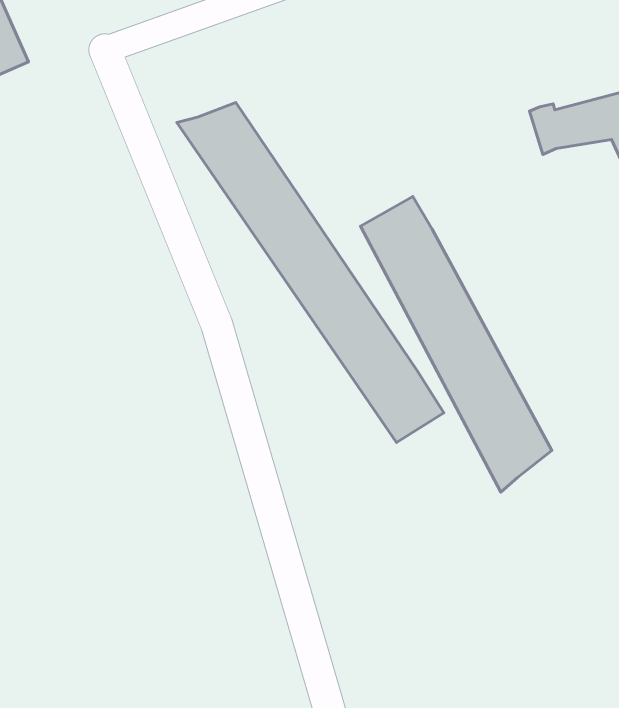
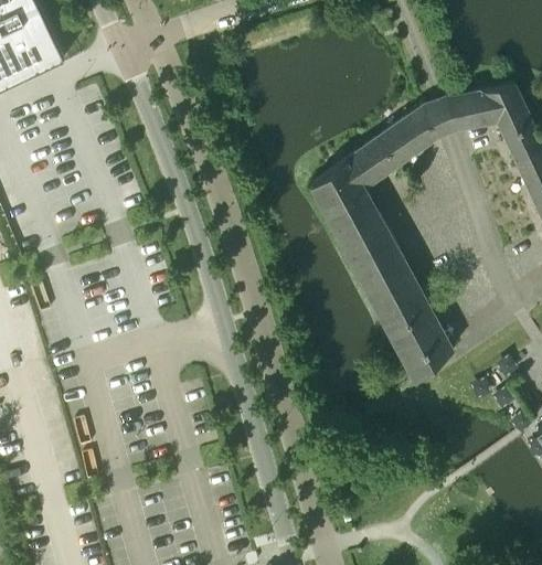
building: [177,103,444,442] -> none
building: none -> [349,100,445,188]

